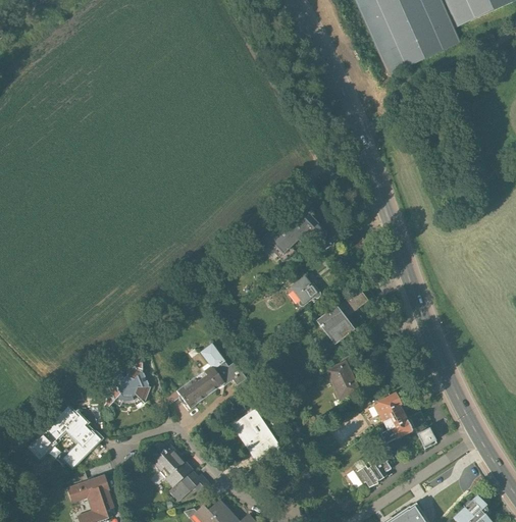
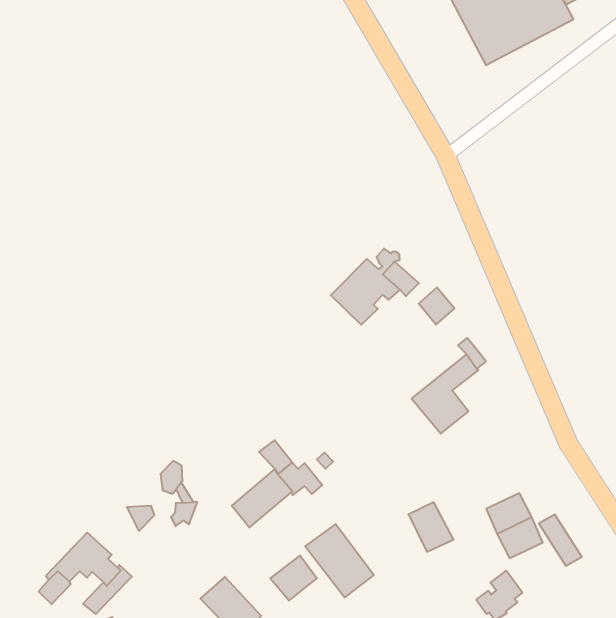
building: [292,276,318,304] -> [419,288,454,325]
building: [327,361,360,398] -> [408,502,454,552]
building: none -> [270,555,317,601]

